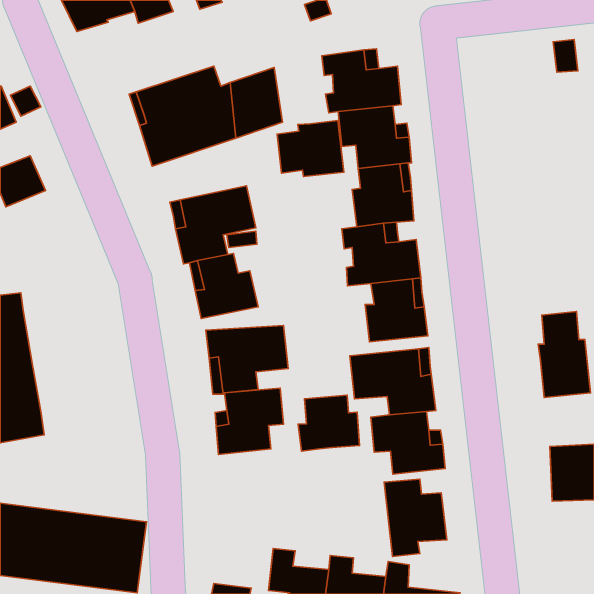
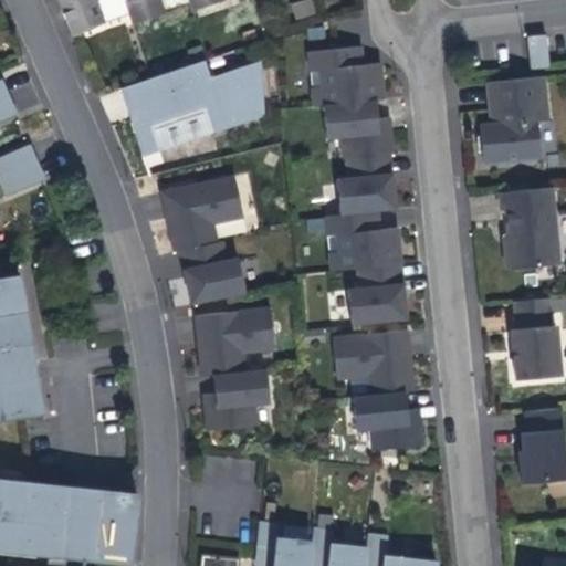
building: none -> [483,75,551,161]
building: [277,120,344,177] -> none
building: none -> [500,186,559,266]
building: [298,395,359,451] -> none
building: [384,479,447,556] -> none

